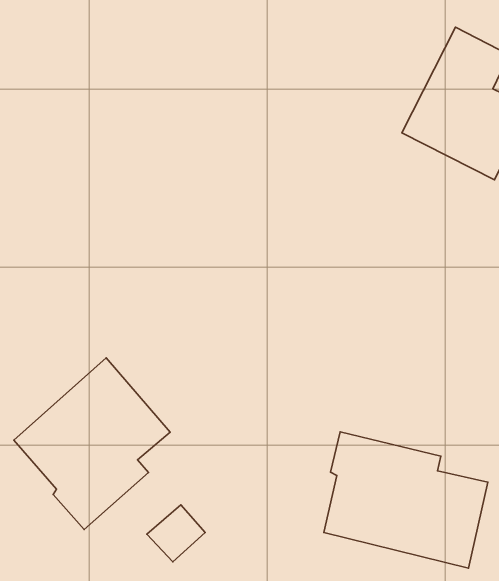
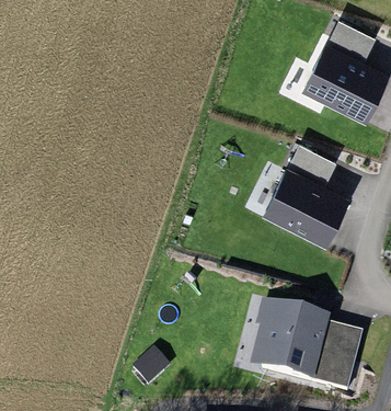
building: none -> [265,145,352,248]
building: [14,358,170,529] -> none

